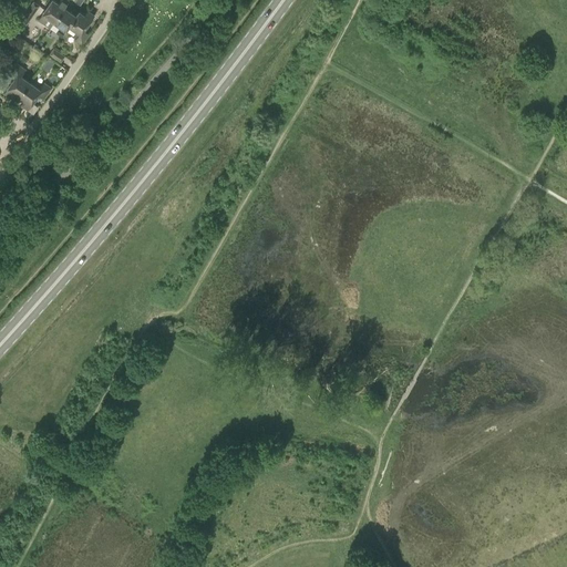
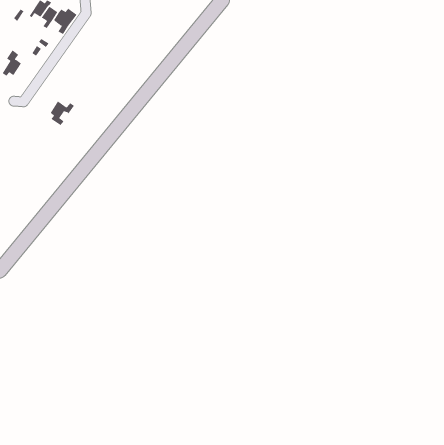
building: [18,81,50,113] -> [50,101,75,126]

